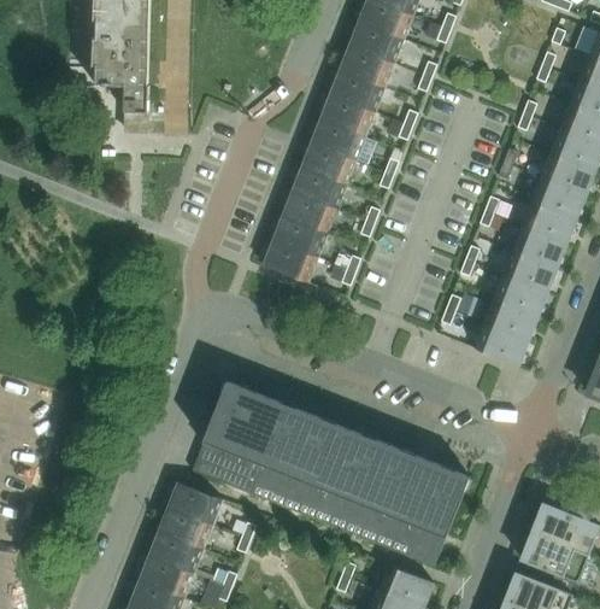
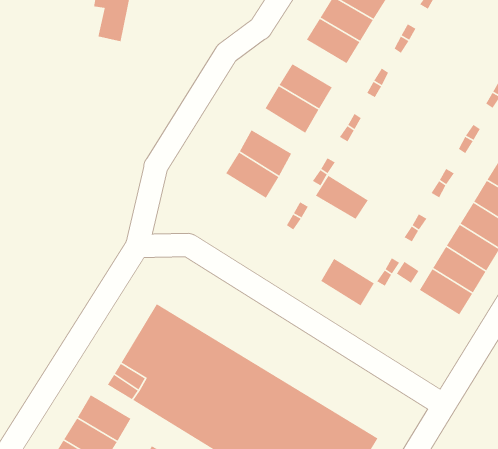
building: [319,94,373,136] -> none
building: [290,169,345,209] -> [315,175,369,220]
building: [263,240,317,282] -> none
building: [473,322,528,365] -> [320,258,375,306]

